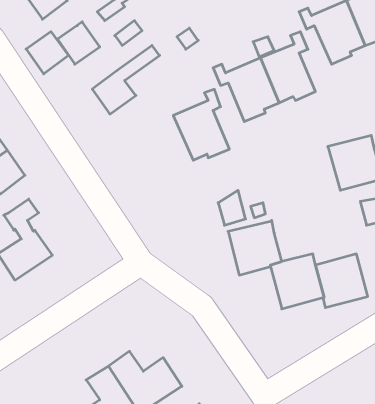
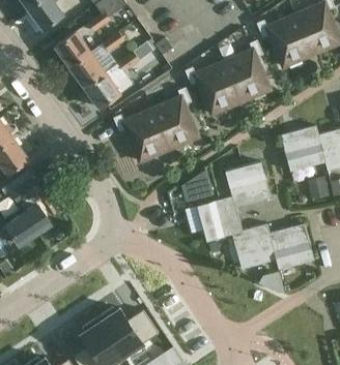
building: [26,32,69,74] -> [69,53,105,88]
building: none -> [113,110,168,162]
building: none -> [225,162,271,207]

